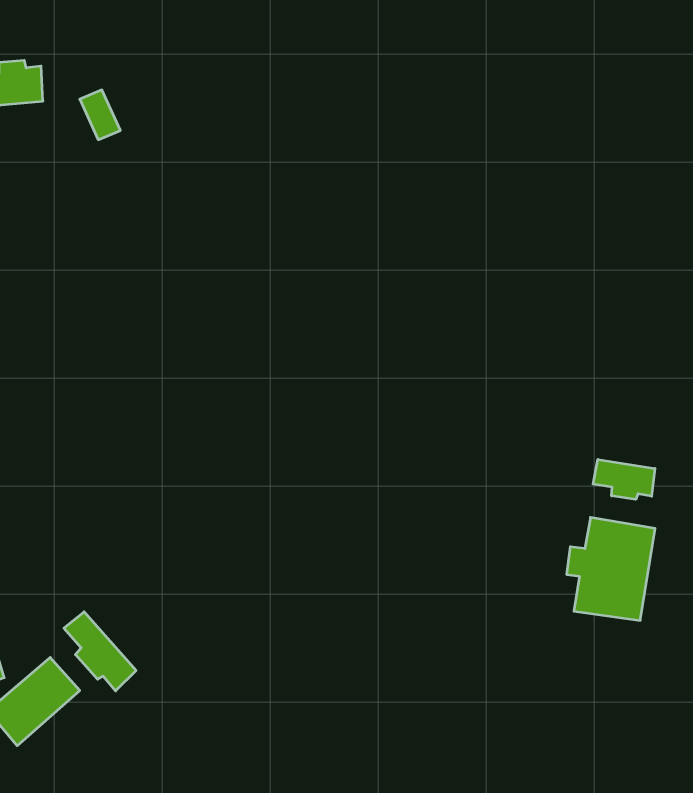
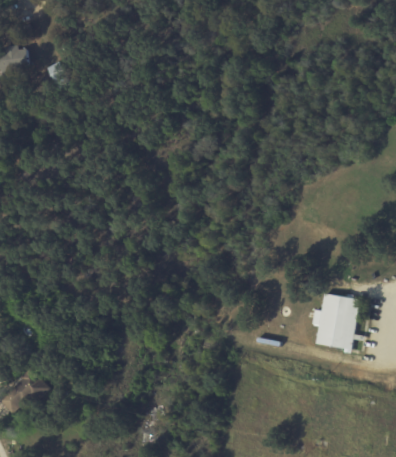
building: [593,459,655,499] -> none
building: [64,612,136,691] -> none

